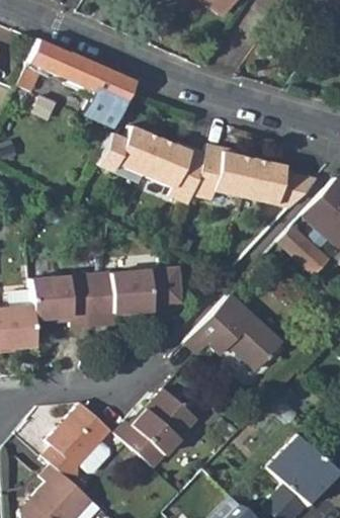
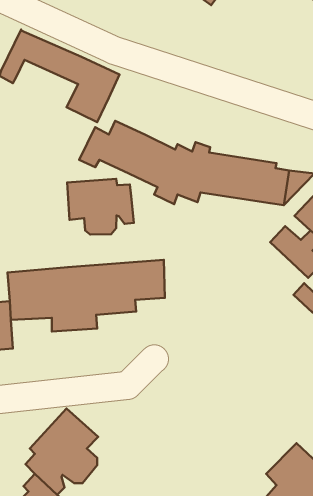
building: none -> [67,179,134,235]
building: [186,294,282,370] -> none
building: [116,391,199,468] -> none

